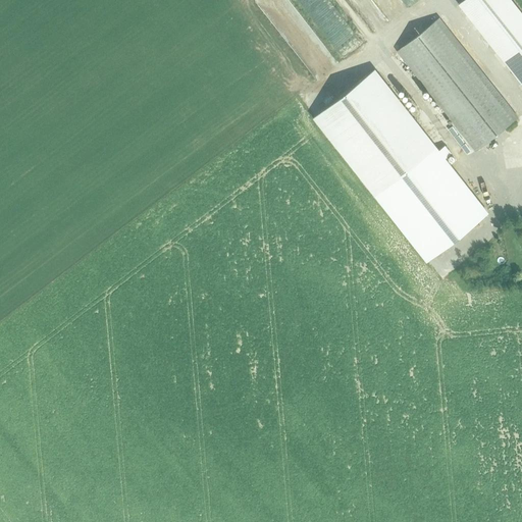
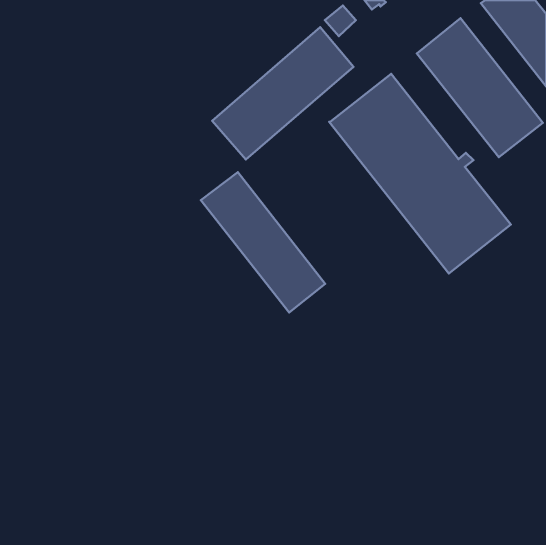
building: none -> [212,27,354,159]
building: none -> [201,172,325,312]

